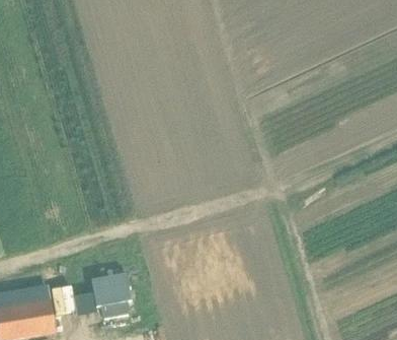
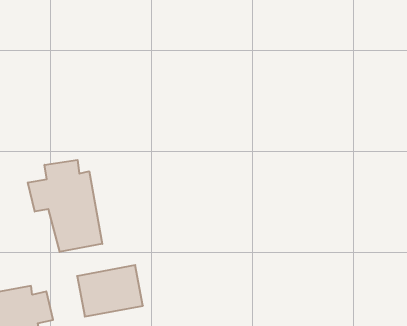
building: none -> [28,160,102,252]

